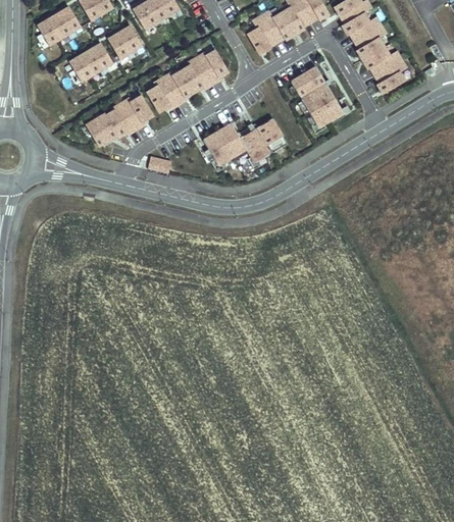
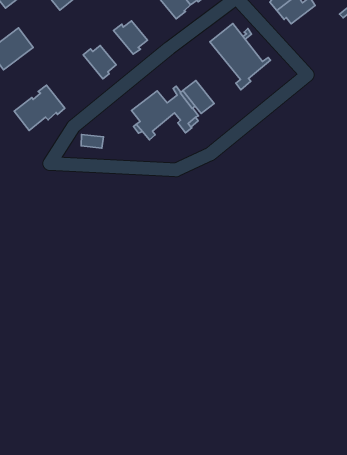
building: [107,25,142,59] -> none
building: [181,57,212,92] -> none
building: [374,59,406,94] -> none
building: [147,77,179,112] -> none
building: [121,95,153,128] -> none

